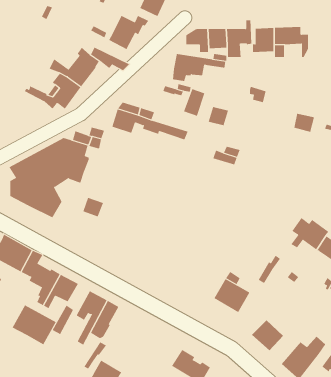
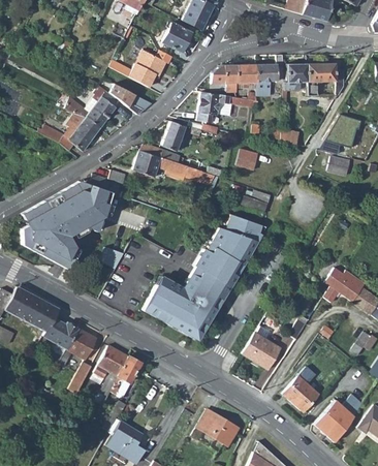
building: [183,88,205,116] -> [161,120,185,150]
building: none -> [143,215,264,339]
building: [12,304,56,345] -> none

